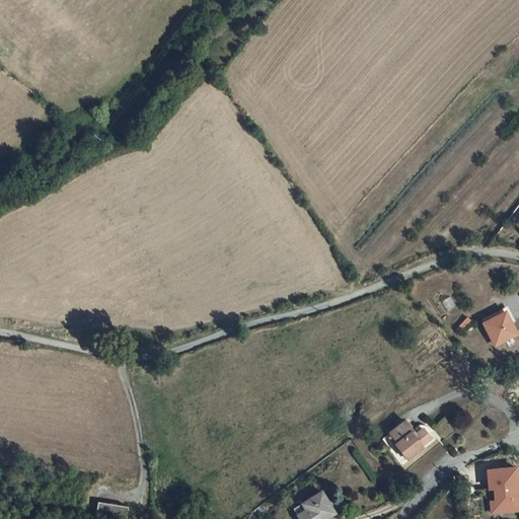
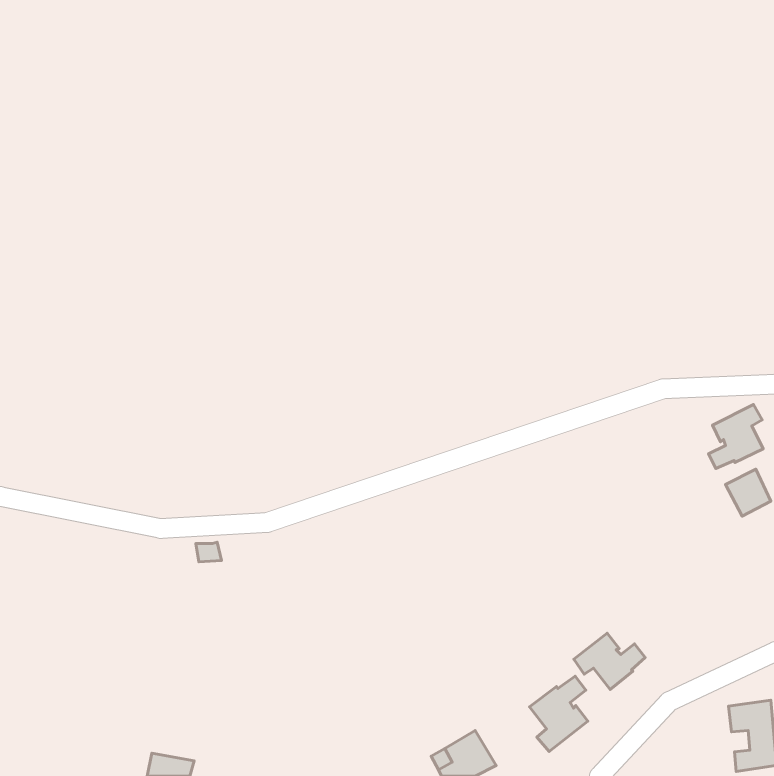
building: none -> [709,405,763,468]
building: none -> [530,676,588,751]

